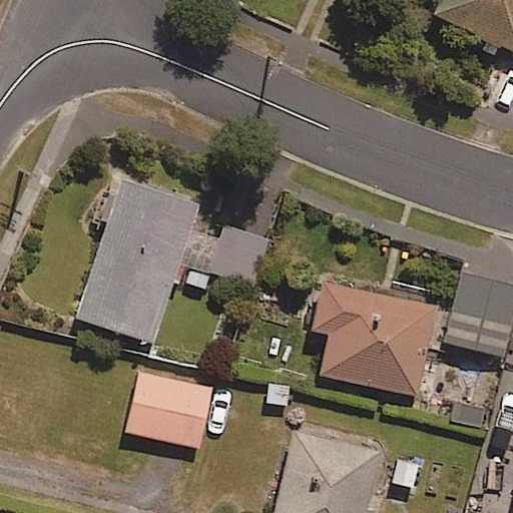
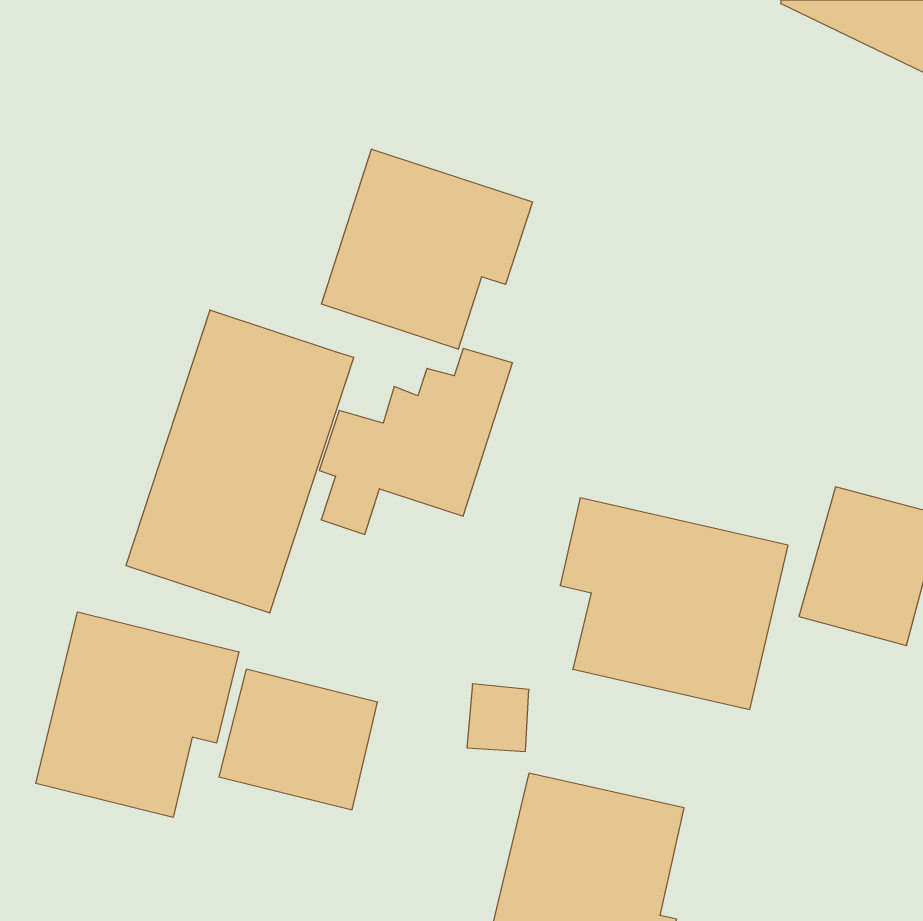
building: none -> [321,149,533,349]
building: none -> [36,612,239,817]

